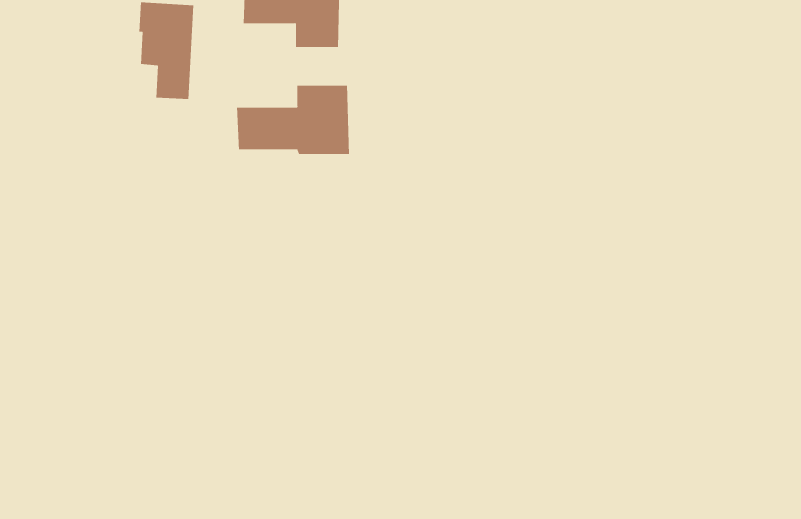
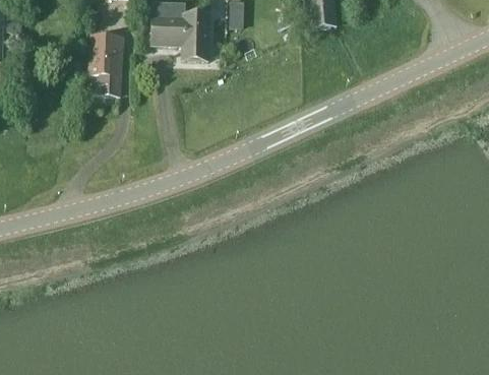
building: [237,85,349,155] -> none

